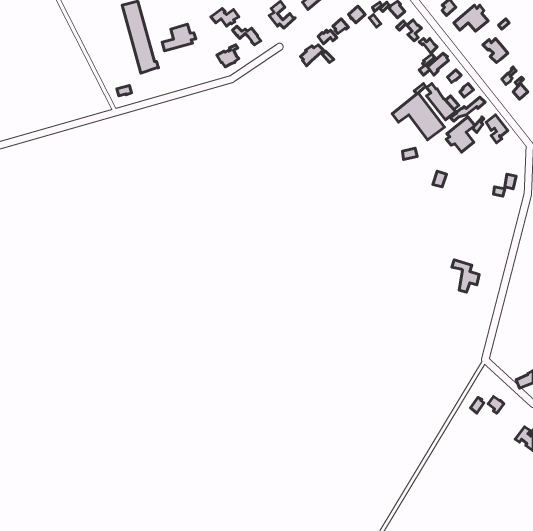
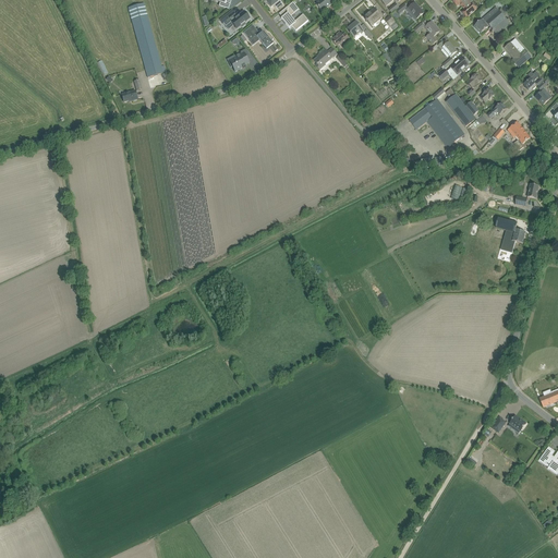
building: [162,24,196,51] -> none
building: [446,117,475,152] -> none
building: [452,260,479,292] -> [497,216,525,250]

